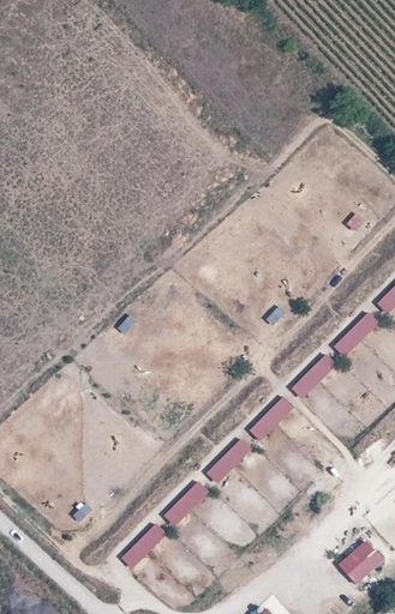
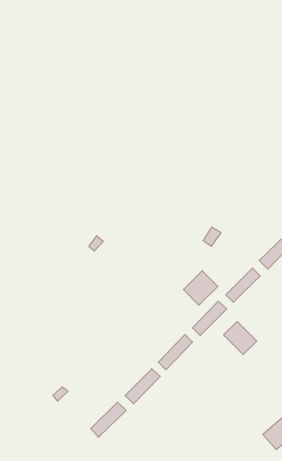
building: none -> [183,271,218,305]
building: none -> [224,322,257,355]

